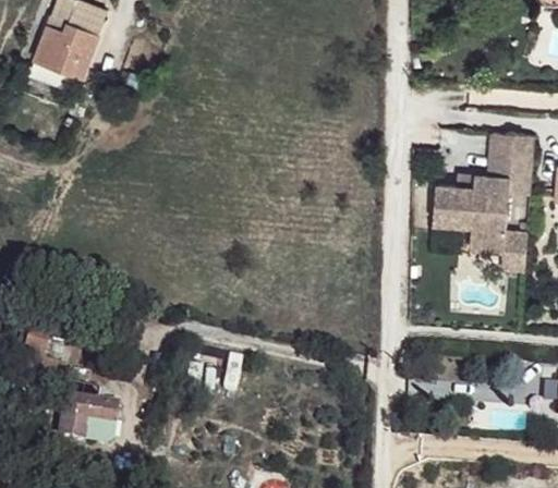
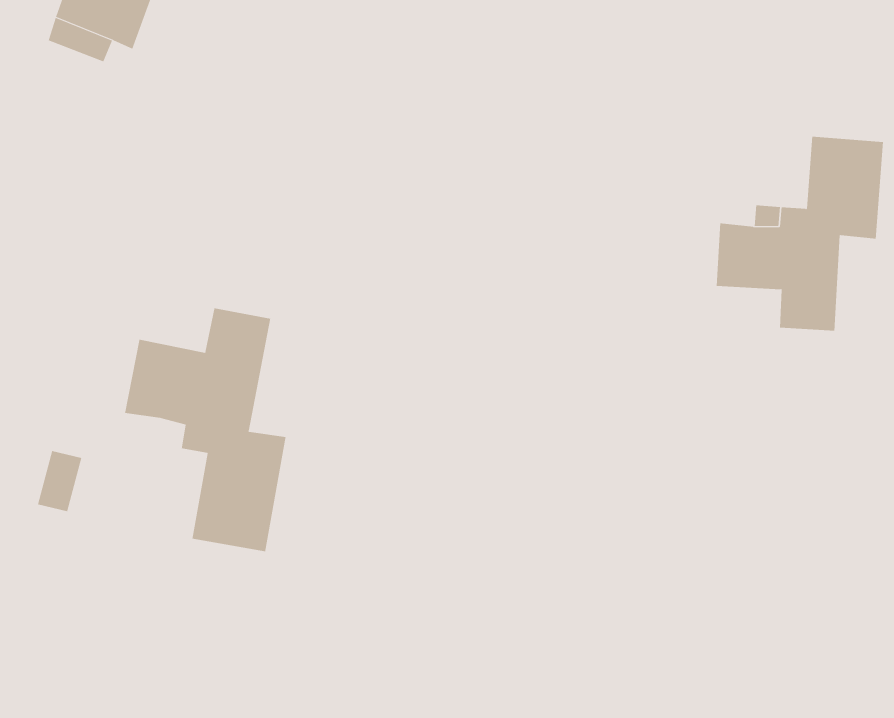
building: none -> [125,307,286,552]
building: [59,383,118,443] -> none

